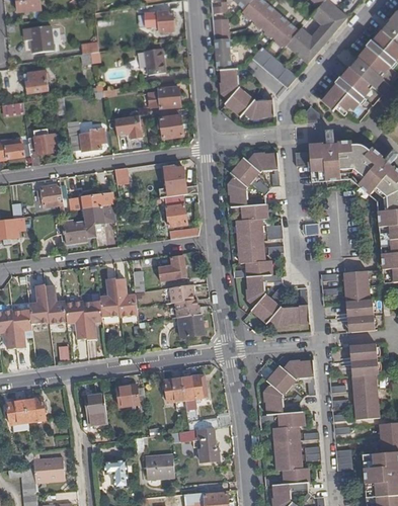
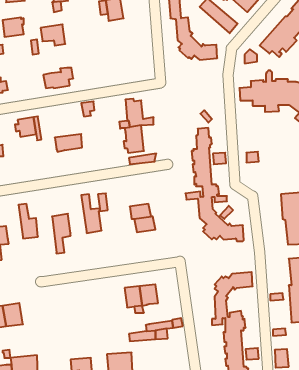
building: [149,85,180,107] -> none
building: [114,114,143,139] -> [41,24,65,46]
building: [159,114,183,138] -> none
building: [28,135,57,165] -> none
building: [227,153,273,215] -> none
building: [83,189,114,207] -> none
building: [64,220,96,242] -> none
building: [158,255,186,279] -> none
building: [98,272,121,317] -> none
building: [27,283,48,323] -> none
building: [62,296,86,340] -> none
building: [178,313,205,335] -> none
building: [114,384,145,408] -> none
building: [82,393,105,417] -> none
building: [198,437,218,460] -> none

